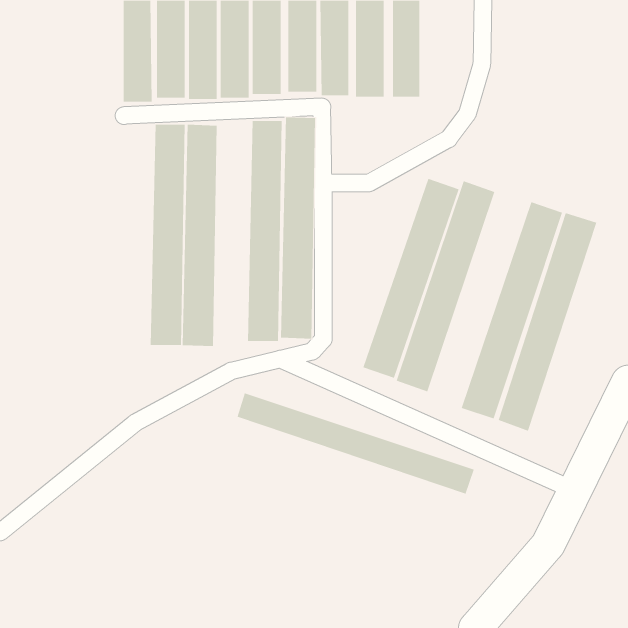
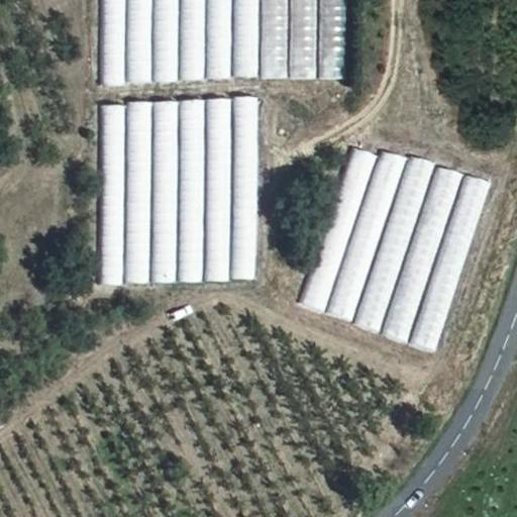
building: none -> [177,101,206,283]
building: none -> [96,106,125,285]
building: none -> [354,156,435,332]
building: [237,393,474,494] -> none

